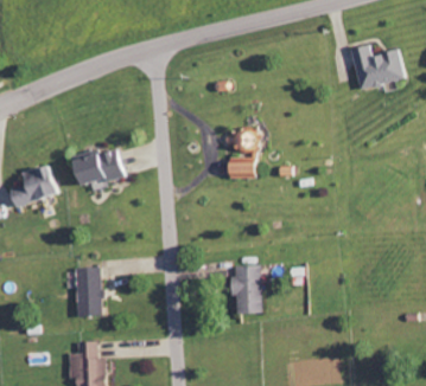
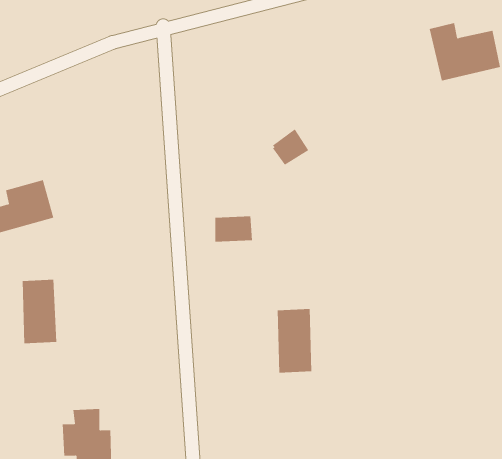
building: [74,149,126,186] -> none
building: [229,157,259,178] -> [214,216,253,242]
building: [75,266,102,316] -> [22,279,57,344]

